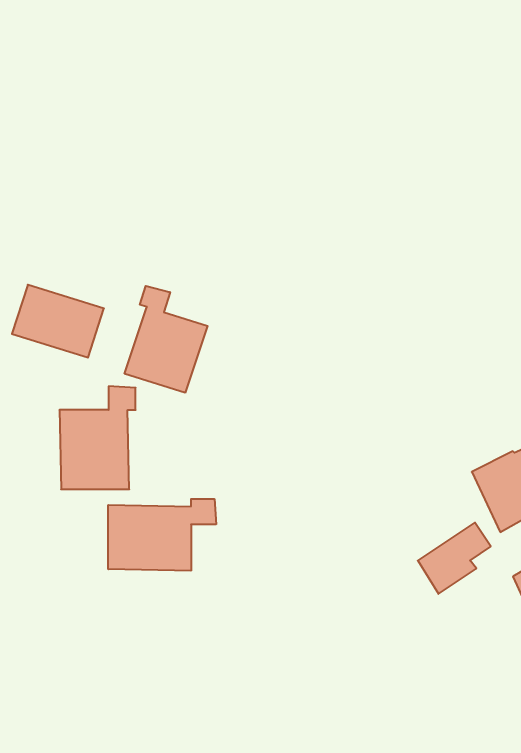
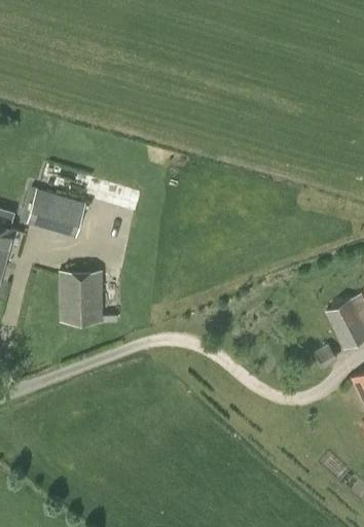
building: [125,286,208,393] -> none
building: [108,499,216,571] -> none

